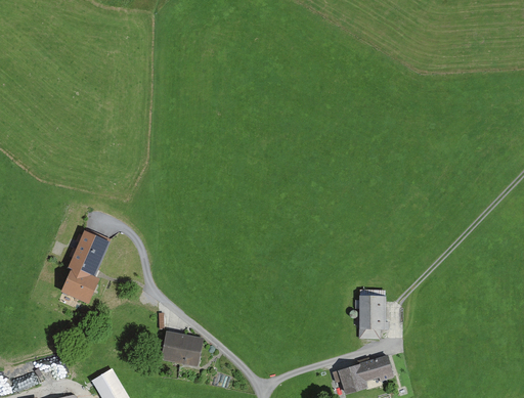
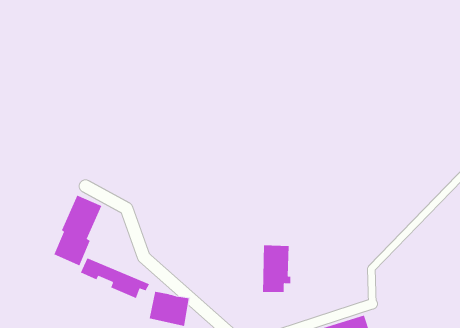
building: [357,290,388,340] -> [262,245,291,293]
building: none -> [80,257,150,299]

